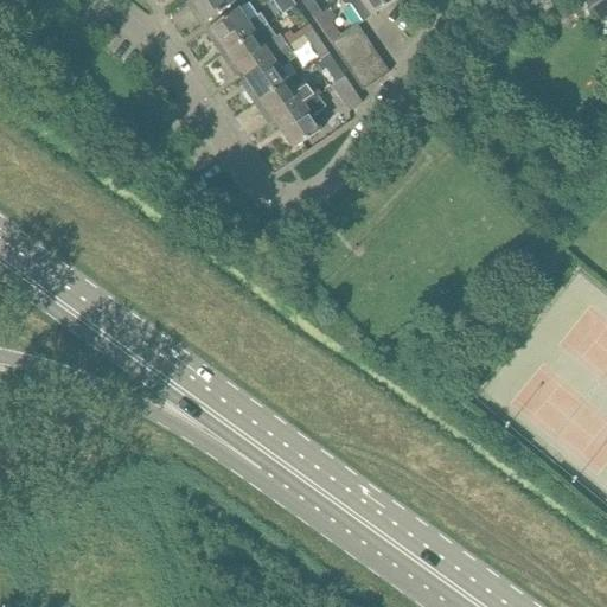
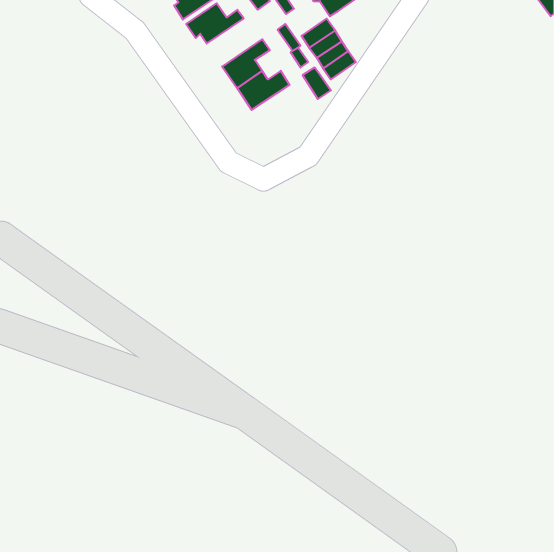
building: [225,20,286,72] -> none
building: [274,92,324,145] -> none

